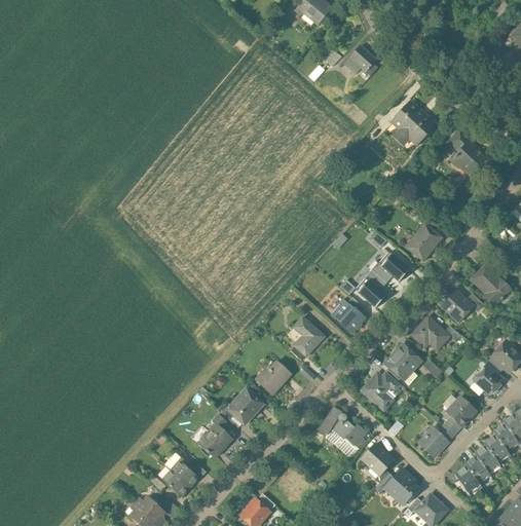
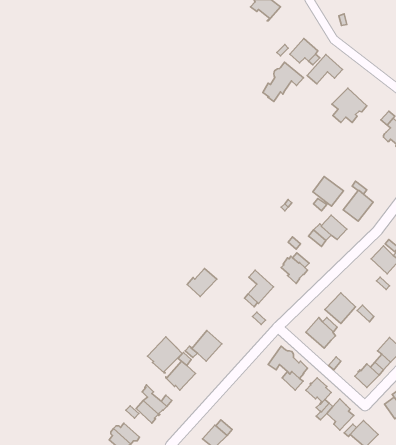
building: none -> [307,55,342,84]
building: none -> [263,62,303,101]
building: none -> [313,177,344,206]
building: [357,279,386,308] -> none
building: [411,316,449,349] -> none
building: [256,362,291,394] -> [187,269,217,297]
building: none -> [148,337,182,373]

